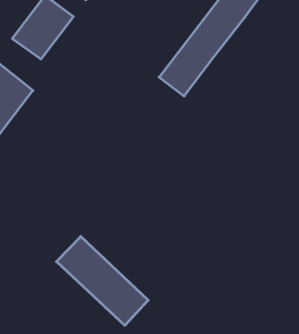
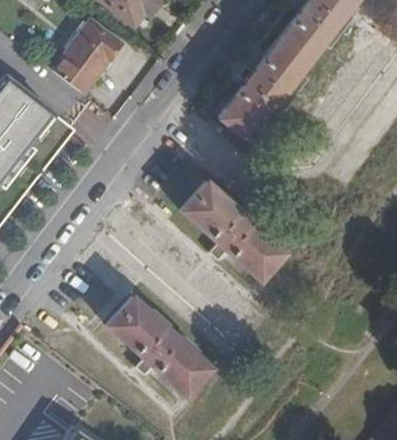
building: none -> [178,180,283,282]

